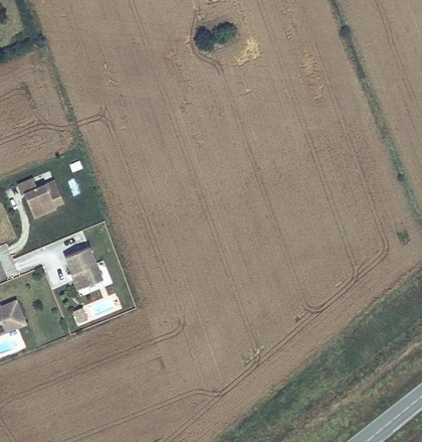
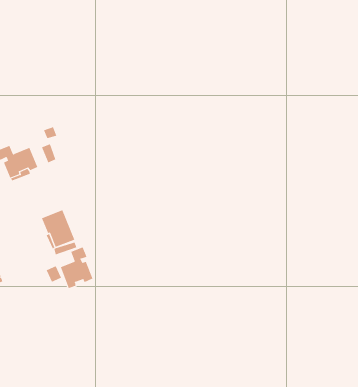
building: none -> [60,247,93,289]

